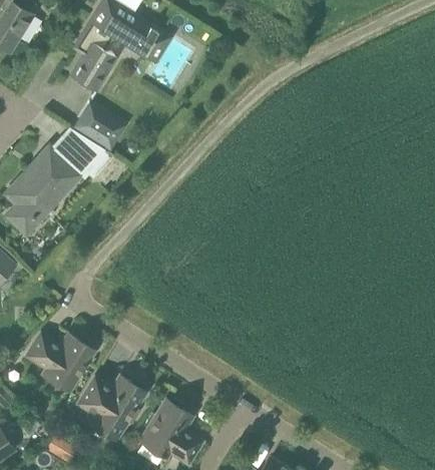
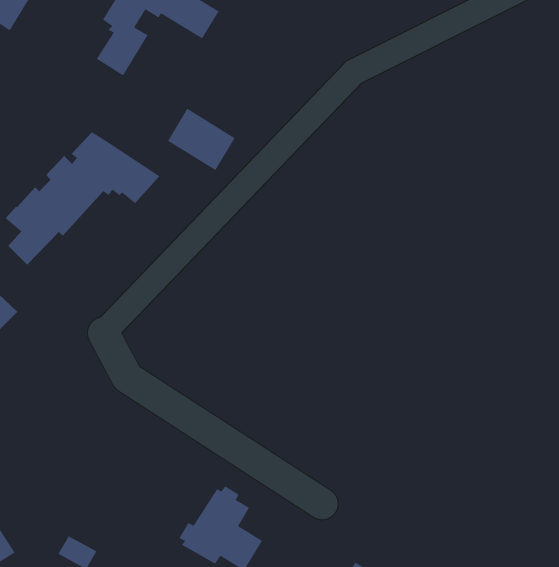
building: [72,101,124,149] -> [167,108,236,171]
building: [26,333,94,390] -> none
building: [78,375,145,439] -> none

